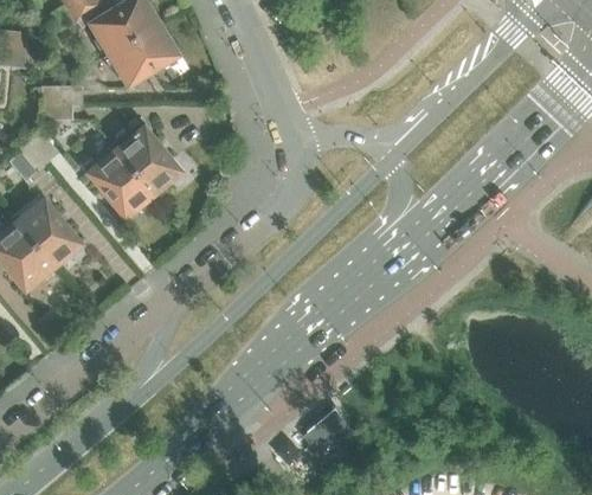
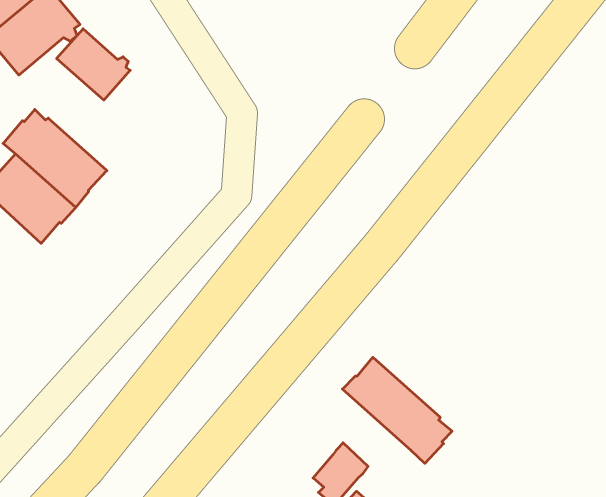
building: none -> [57,29,130,100]
building: none -> [342,357,452,463]

